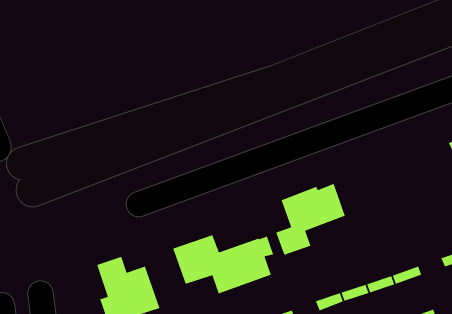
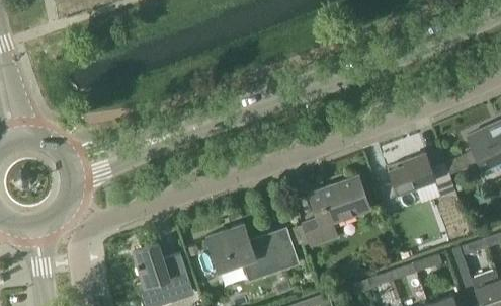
building: none -> [387,153,455,198]

